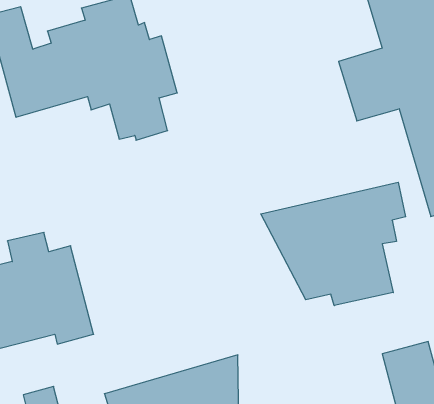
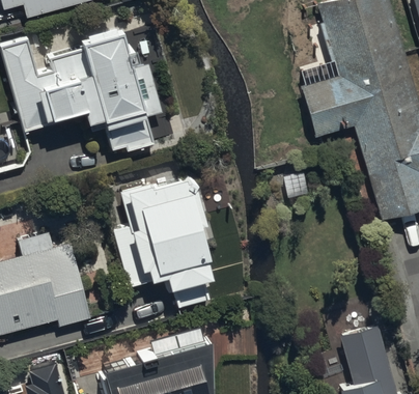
building: none -> [113,173,215,308]
building: [261,182,406,306] -> none

